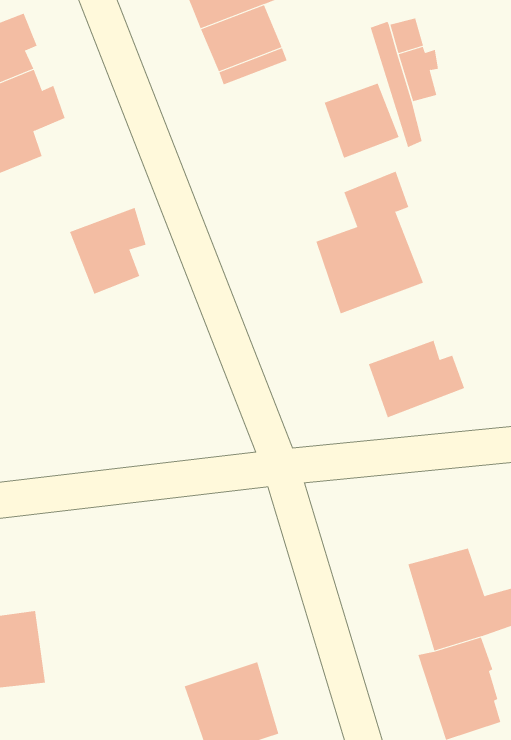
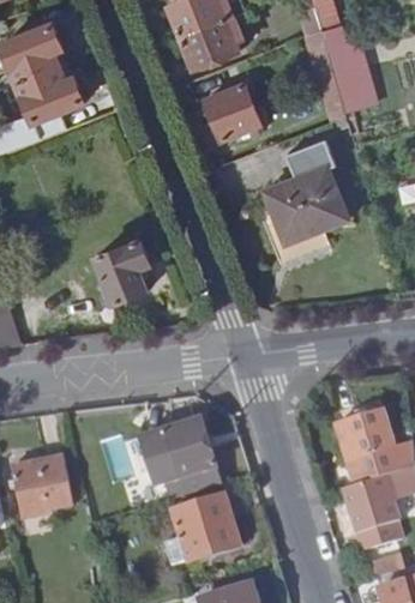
building: [324,83,400,159] -> [205,84,260,139]
building: [69,207,147,294] -> [95,236,151,300]
building: [368,340,465,418] -> none
building: none -> [139,421,222,500]

